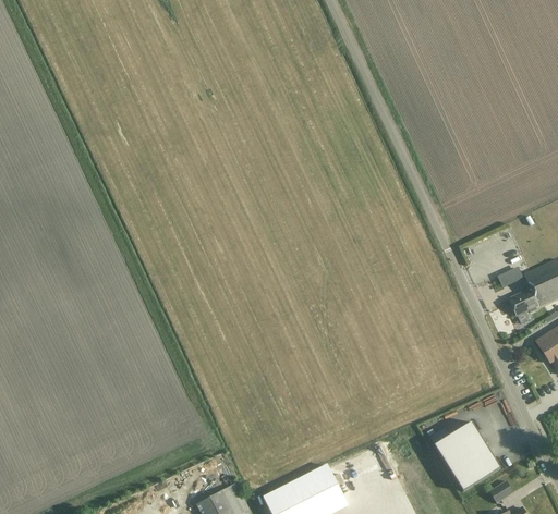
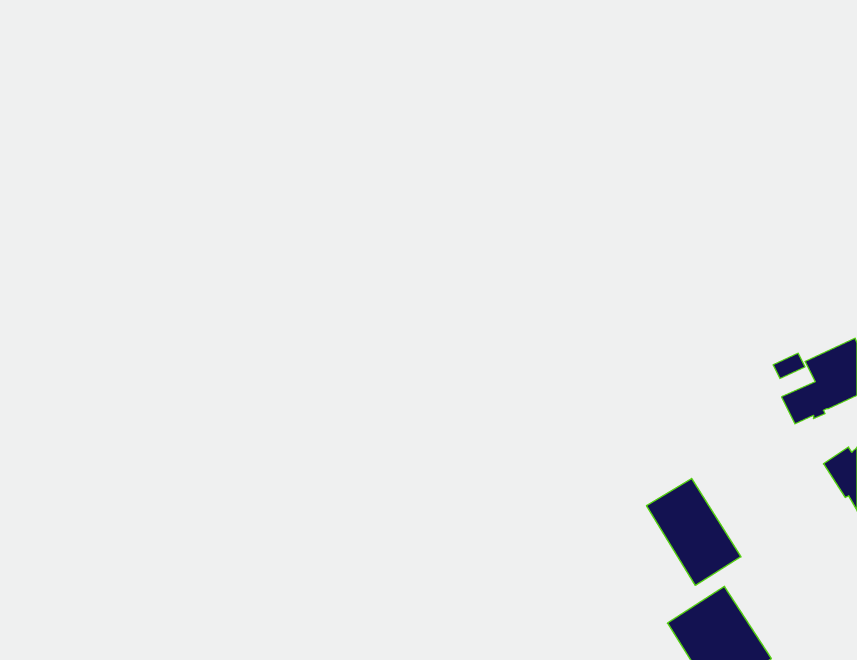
building: none -> [647,478,741,585]

